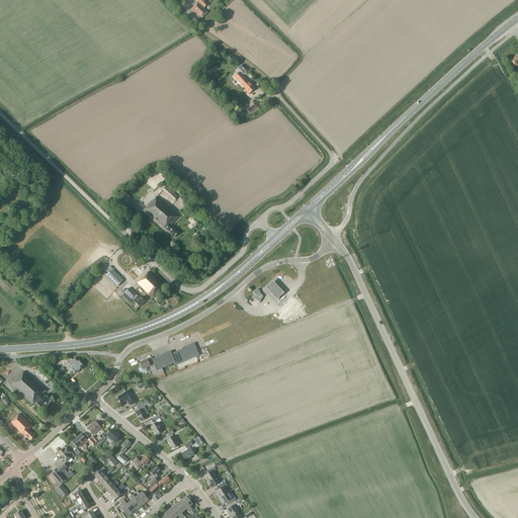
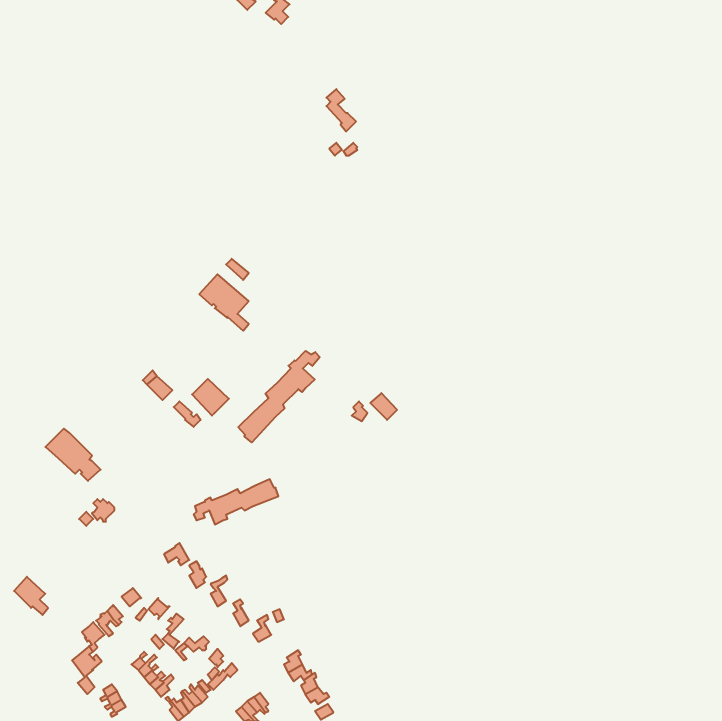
building: none -> [238,351,320,442]
building: [11,370,51,408] -> [45,429,101,481]

